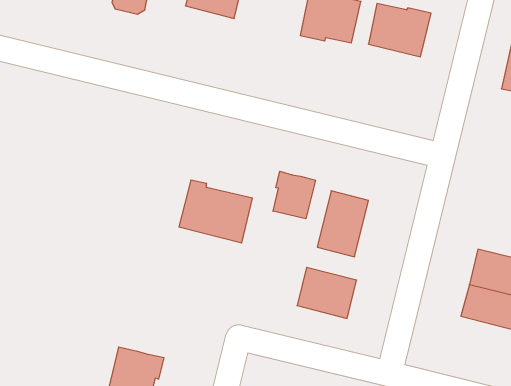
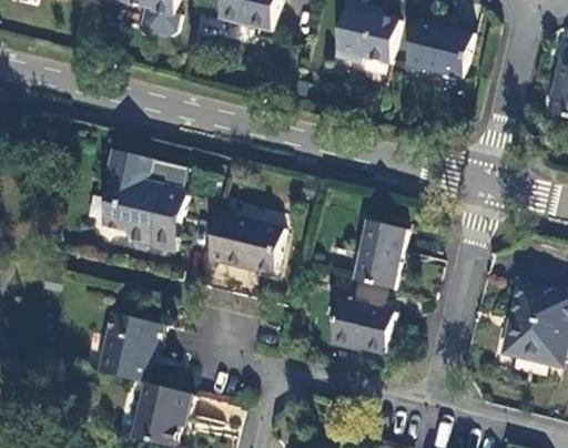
building: none -> [105,150,190,250]
building: [273,171,315,219] -> none
building: none -> [99,310,164,383]

